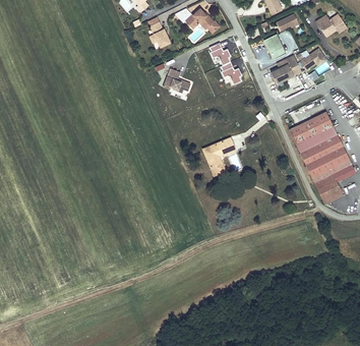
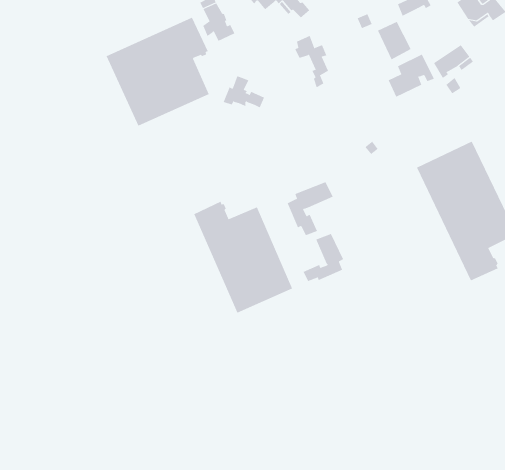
building: none -> [106,17,209,126]
building: none -> [194,201,293,314]
building: none -> [303,233,344,282]

